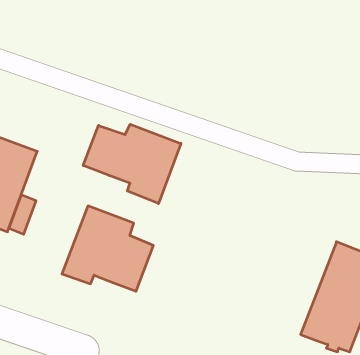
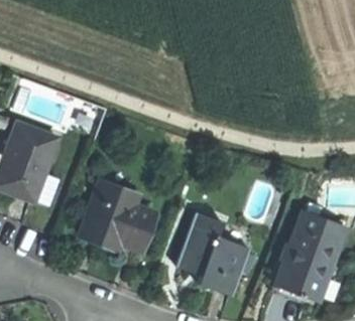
building: [83,124,181,204] -> none
building: none -> [175,212,249,295]

